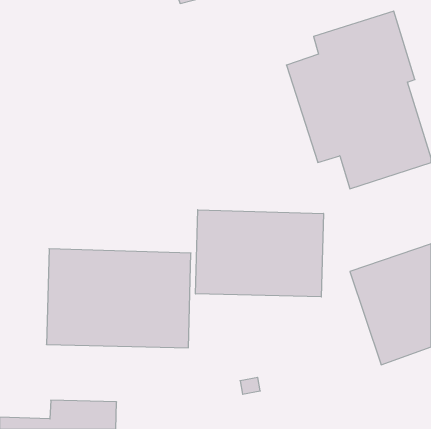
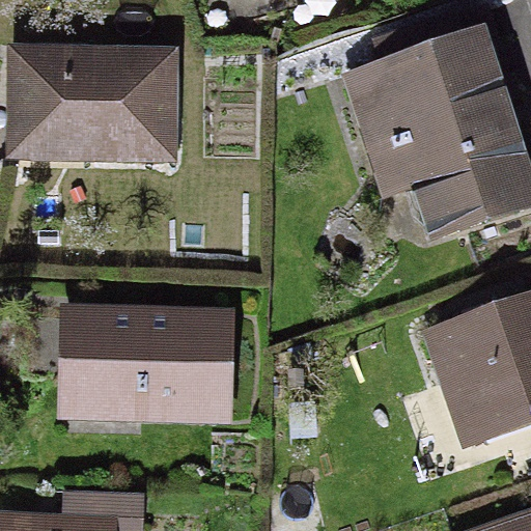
building: none -> [15,53,169,157]
building: [196,210,323,297] -> none

